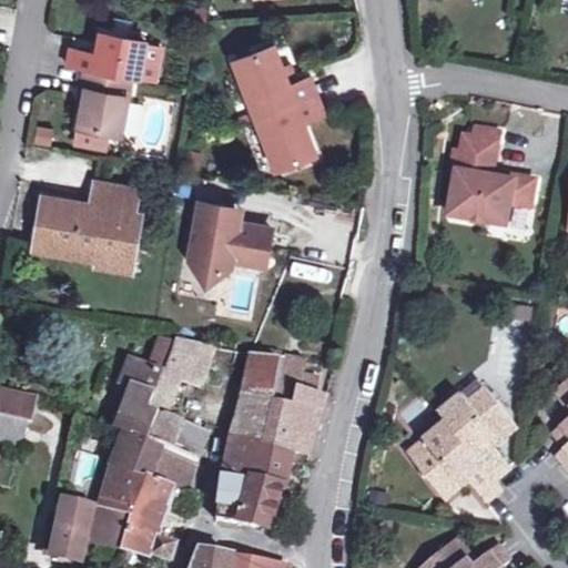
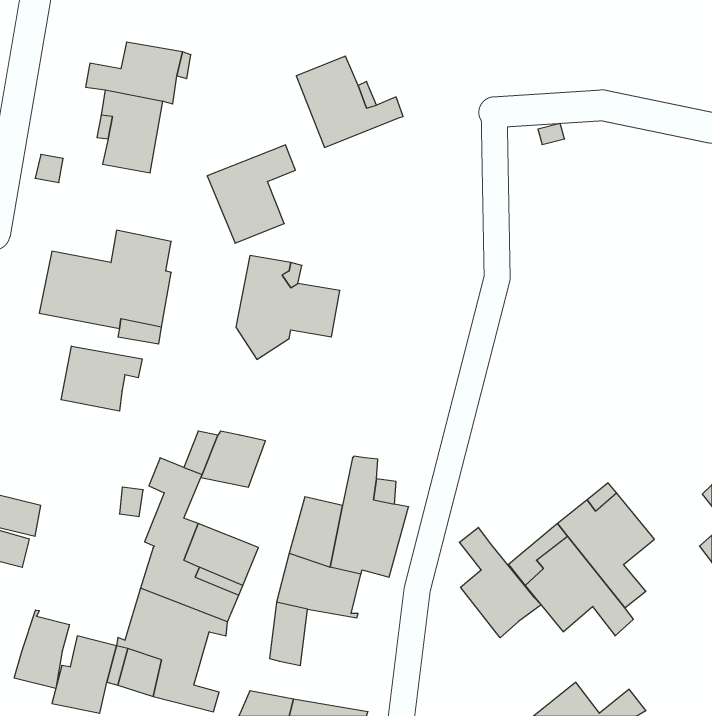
building: [256,92,326,170] -> [207,145,295,243]
building: [450,128,535,224] -> none
building: none -> [61,346,142,411]
building: [241,356,278,399] -> none
building: none -> [459,527,541,638]
building: [237,481,282,532] -> none
building: none -> [14,610,70,688]

